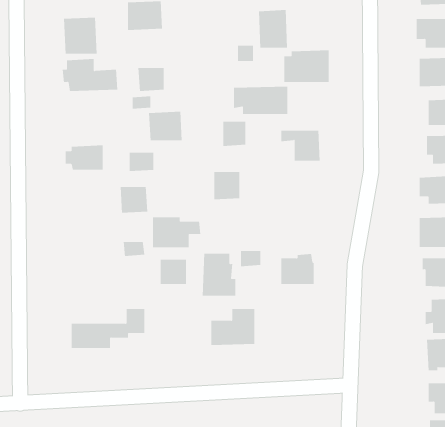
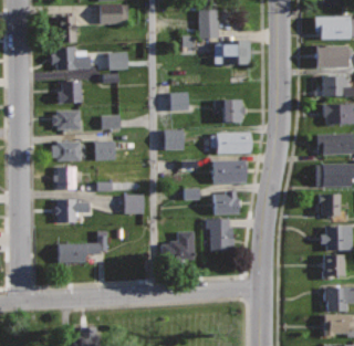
building: [233,86,288,114] -> [211,133,252,154]
building: [148,111,183,141] -> [58,81,83,103]
building: none -> [52,143,81,161]
building: none -> [212,159,247,184]
building: [152,217,201,248] -> [56,199,93,222]
building: none -> [54,166,77,190]
building: [202,253,236,296] -> [210,219,236,251]

